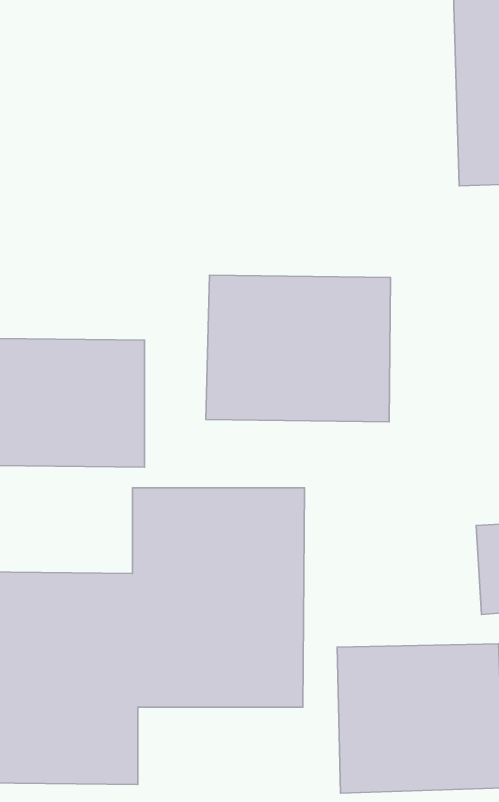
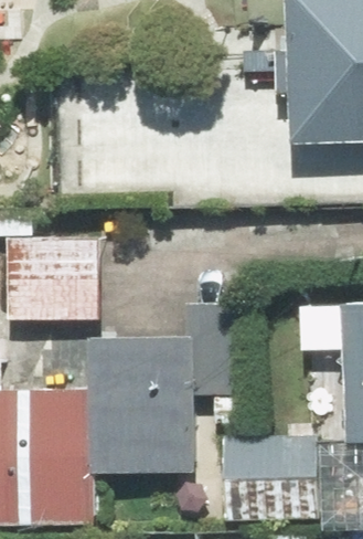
building: [206,275,391,422] -> none

